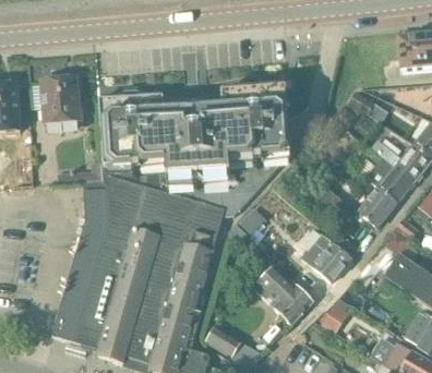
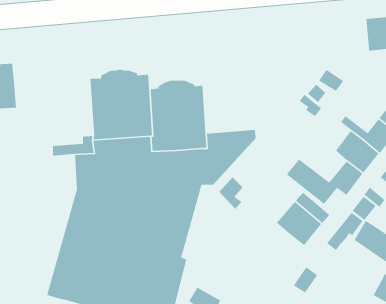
building: [40,76,80,123] -> none
building: [221,80,290,158] -> none
building: [249,263,313,323] -> none

